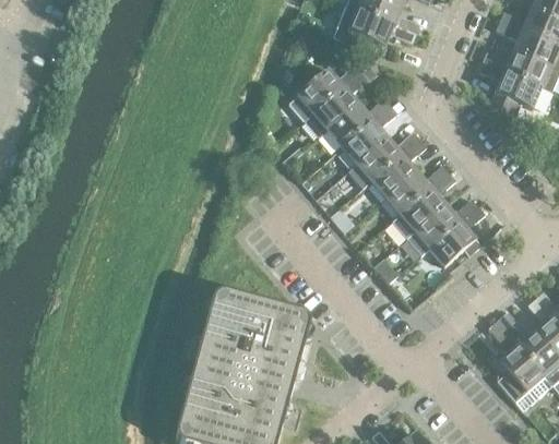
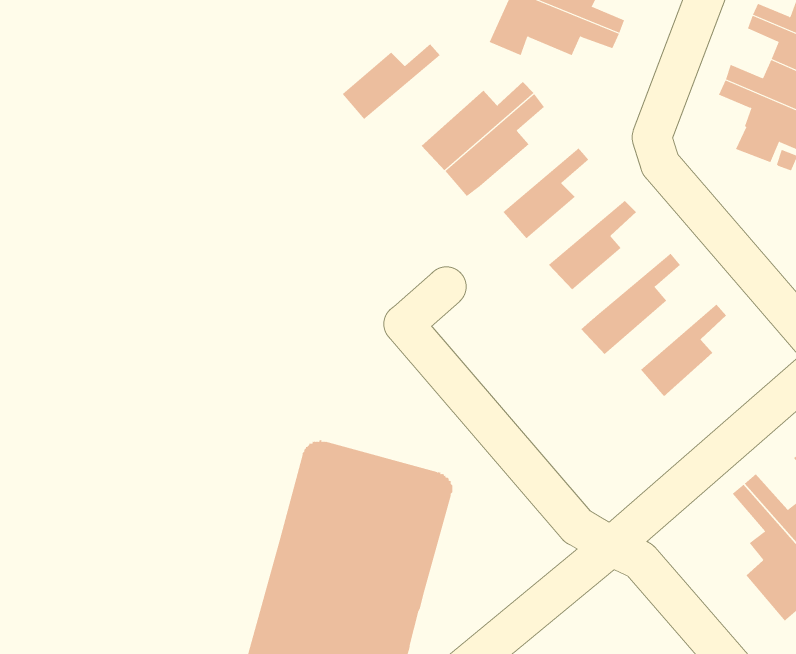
building: [326,97,390,146] -> [342,43,440,120]
building: [356,131,419,180] -> none
building: [385,164,449,214] -> none
building: [406,197,478,255] -> none

